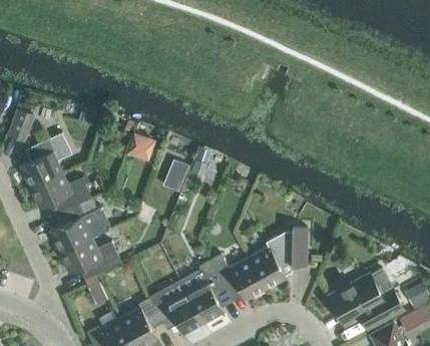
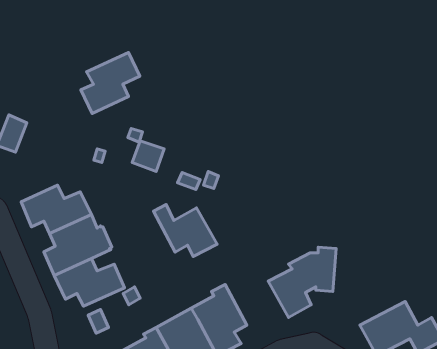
building: [20,133,72,188] -> [81,53,140,114]
building: [210,255,267,301] -> [154,205,217,257]

